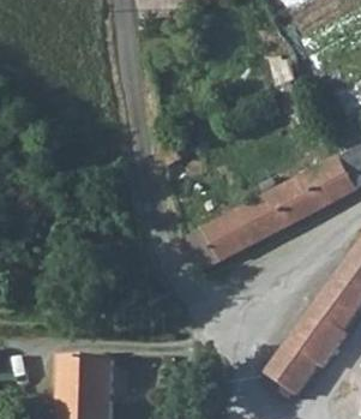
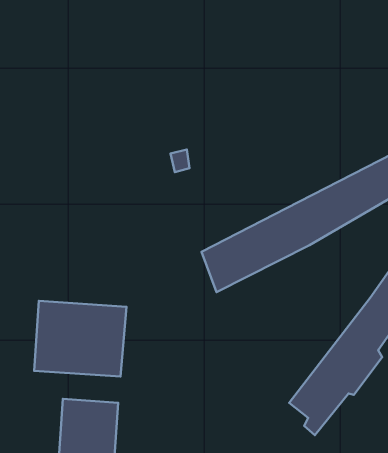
building: none -> [34,301,126,376]

